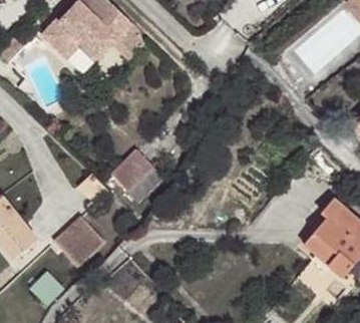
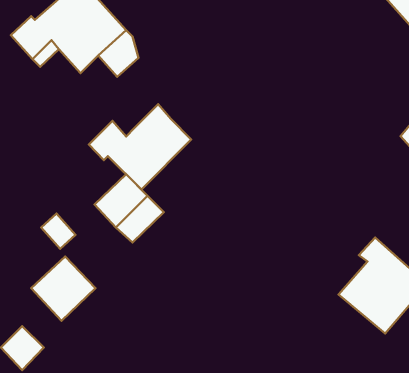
building: none -> [89,104,191,189]

